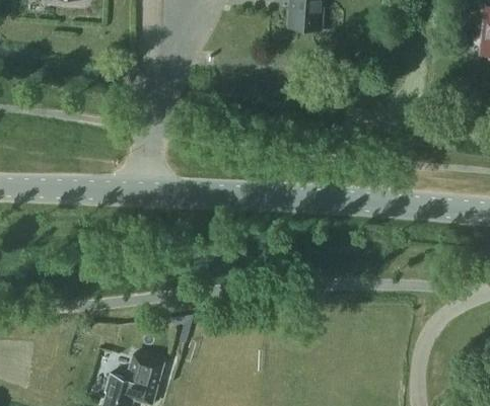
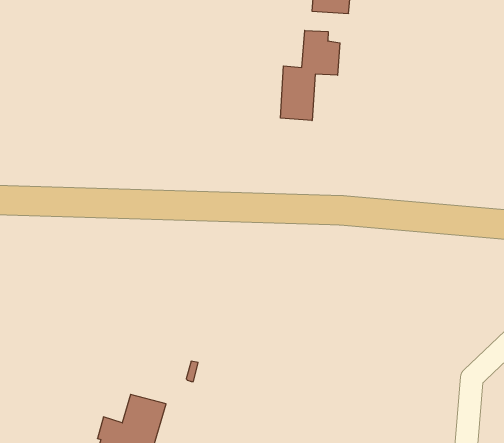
building: none -> [281,30,340,121]

